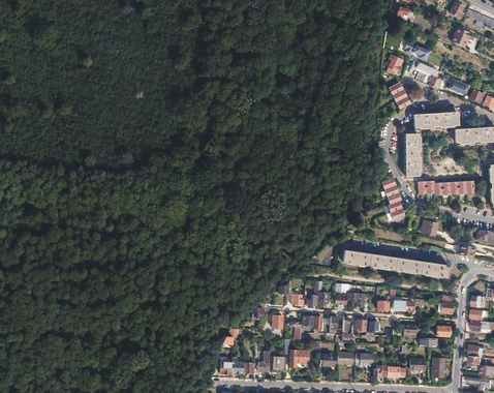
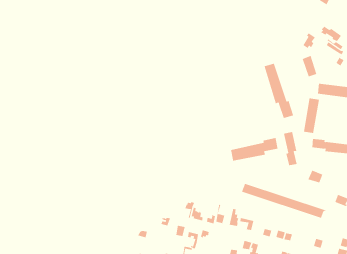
building: none -> [264,63,294,119]
building: none -> [230,137,278,161]

